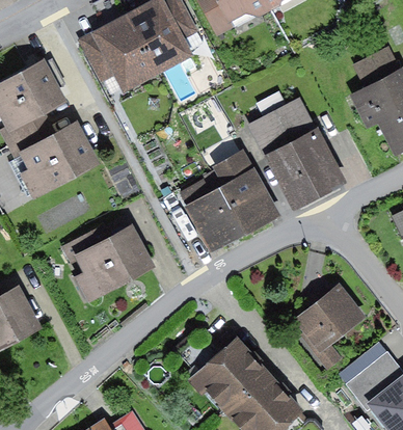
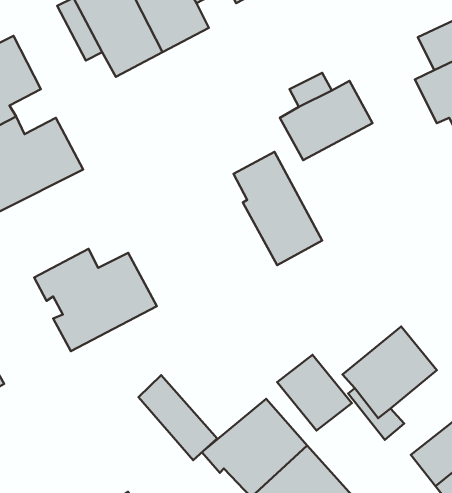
building: [265,128,347,211] -> none
building: [178,178,245,253] -> none
building: none -> [277,355,352,430]
building: none -> [139,375,217,460]

